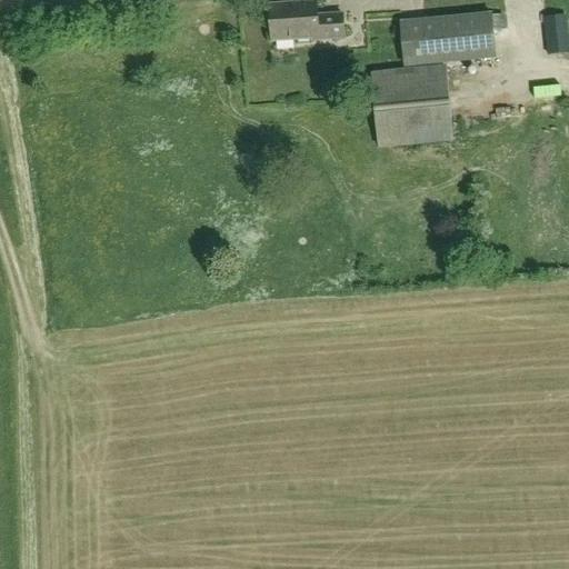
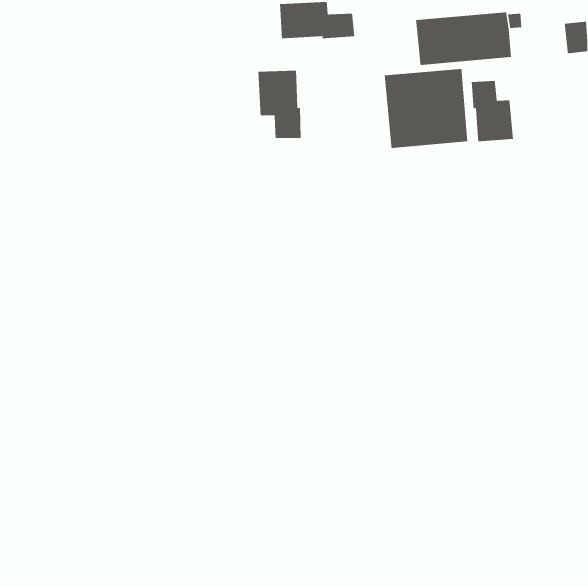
building: none -> [258,70,302,139]
building: none -> [471,80,514,142]

